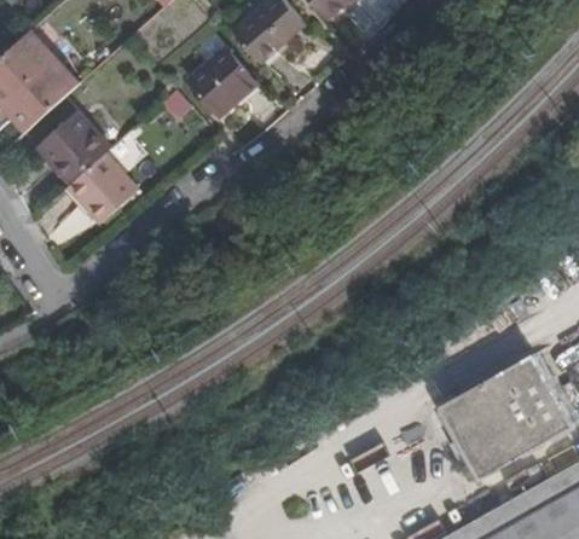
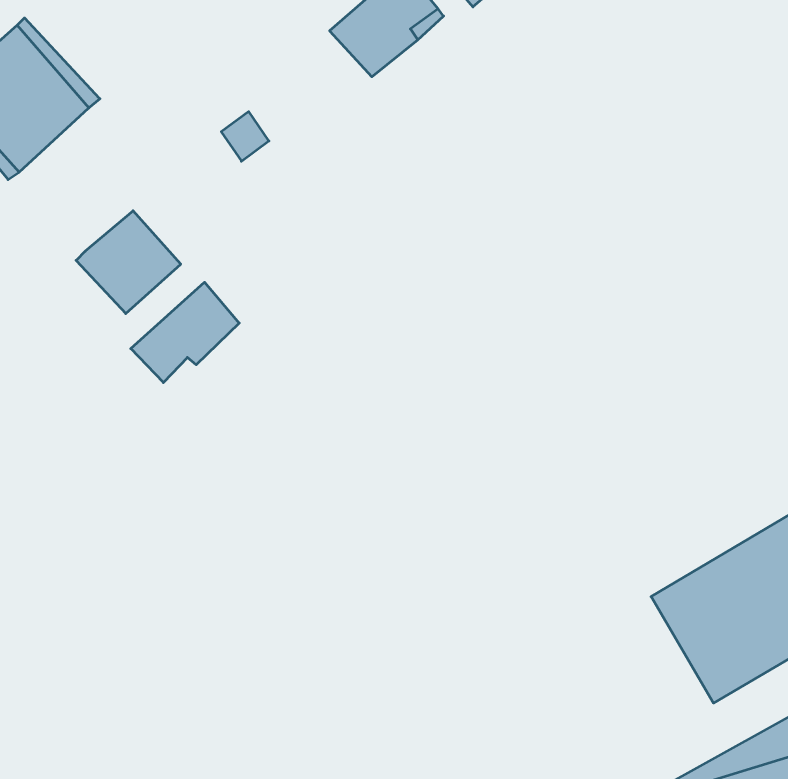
building: [191,52,255,117] -> none
building: [37,110,109,181] -> none
building: none -> [131,282,239,383]

